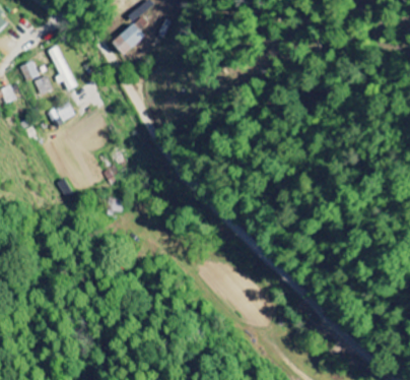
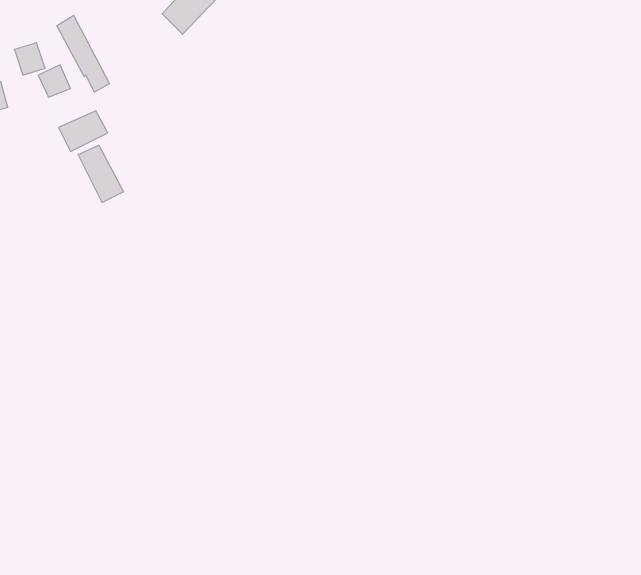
building: none -> [78,145,124,202]

